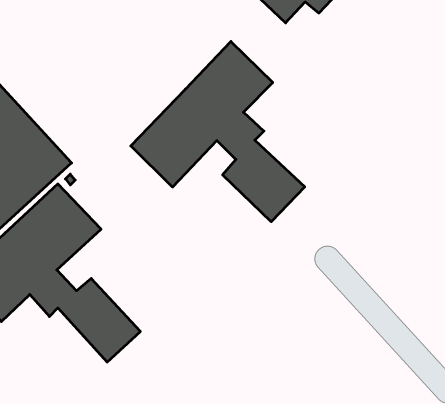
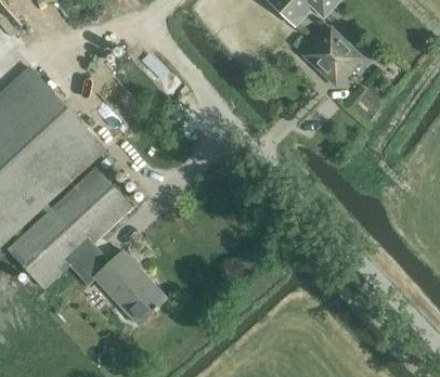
building: none -> [305,28,360,82]
building: [131,41,305,222] -> none

